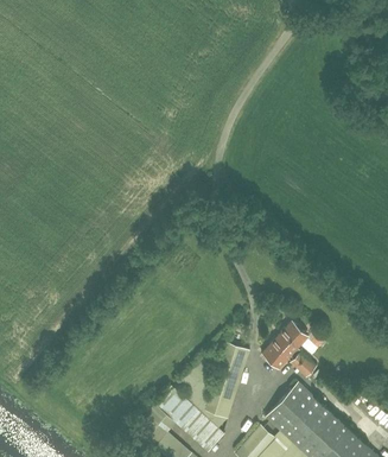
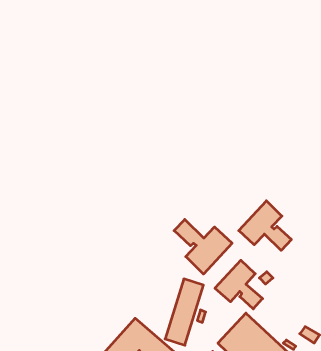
building: none -> [239,201,291,250]
building: none -> [174,219,232,274]

